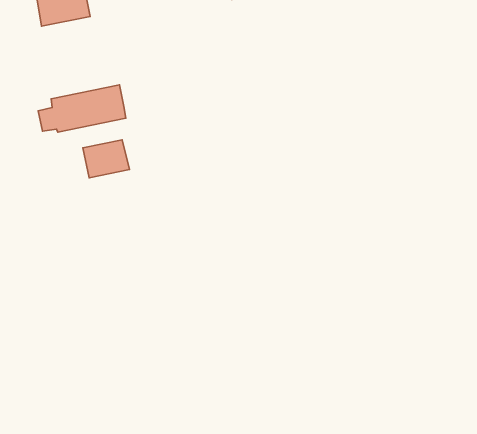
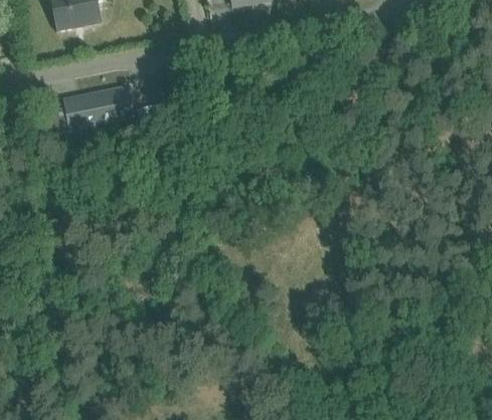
building: [83,140,129,178] -> none

